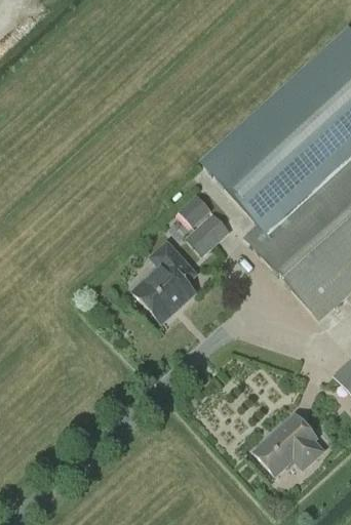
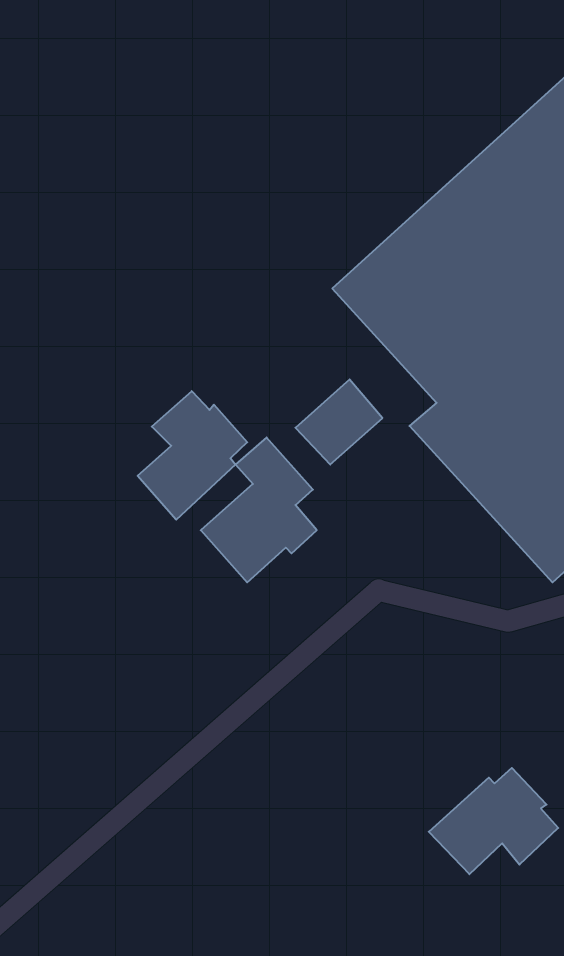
building: [176,193,209,227] -> none
building: none -> [138,391,247,520]

